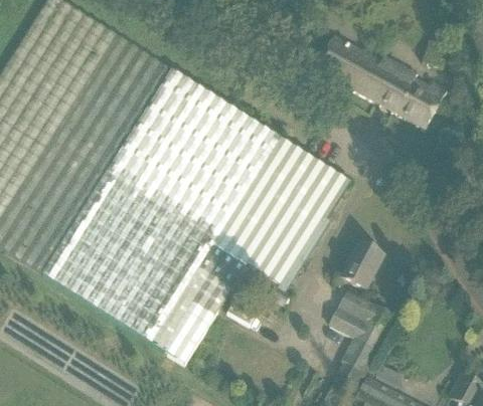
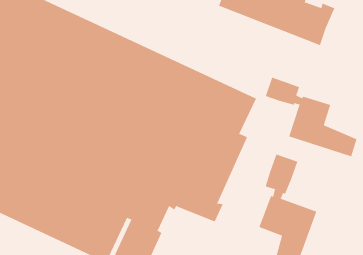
building: none -> [265,77,357,157]

